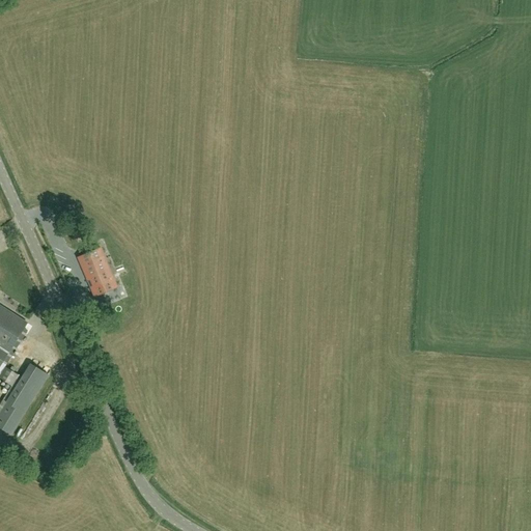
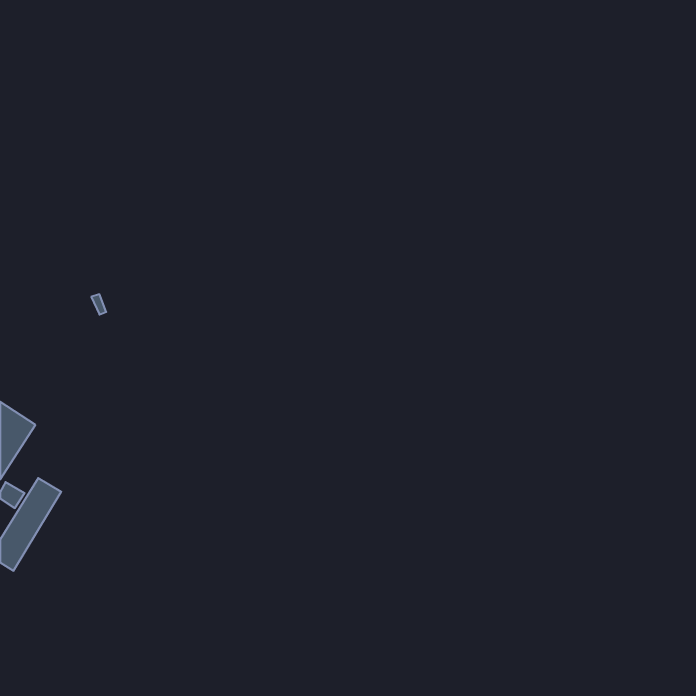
building: [78,248,117,298] -> none

